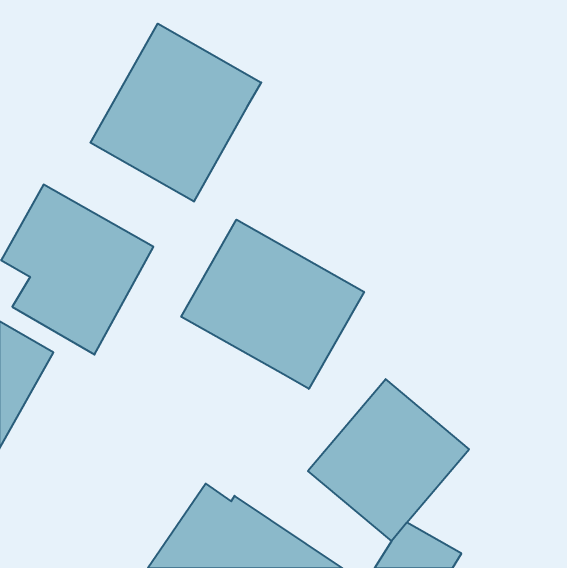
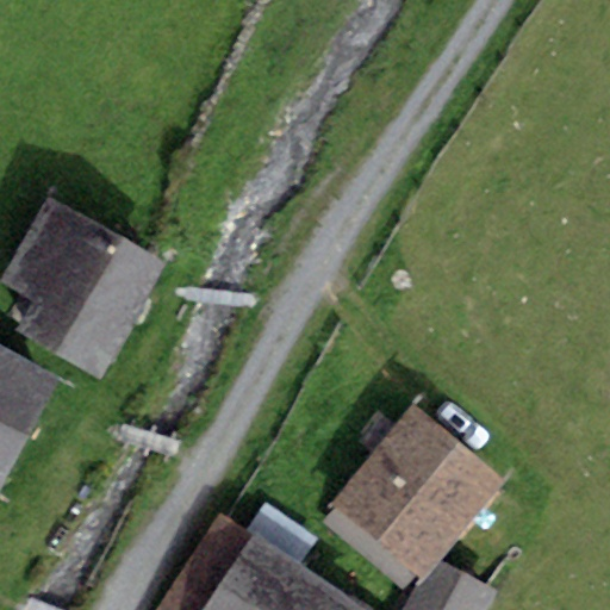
building: [90,24,261,202] -> none
building: [181,220,364,389] -> none

